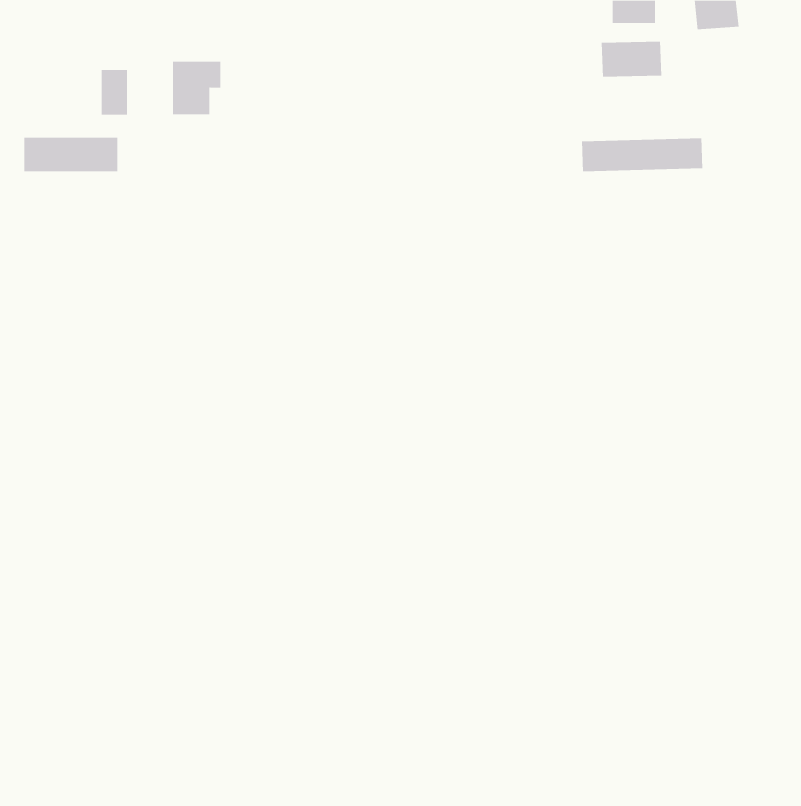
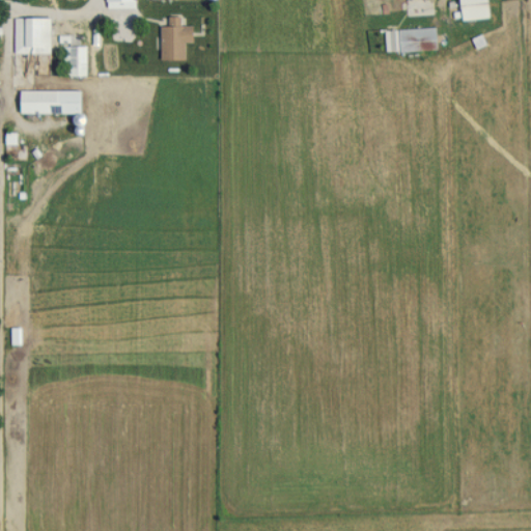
building: none -> [16,17,51,53]
building: [172,61,221,115] -> [161,24,193,59]
building: [582,138,703,172] -> none

